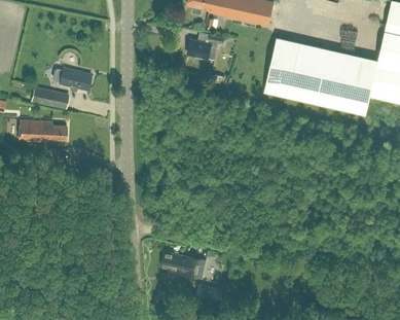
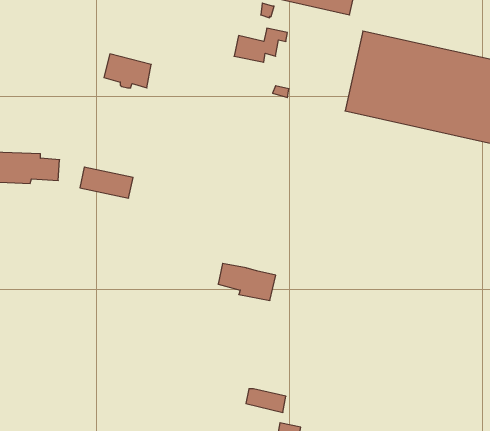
building: [58,68,90,92] -> [104,54,151,88]
building: [30,87,67,109] -> [80,167,133,198]
building: [161,252,202,278] -> [218,263,276,300]

